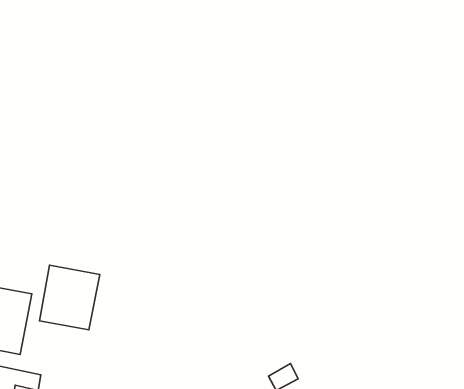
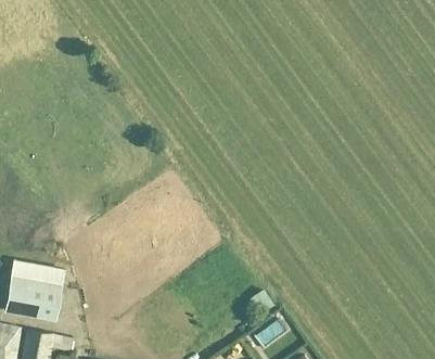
building: [39,265,100,330] -> none

